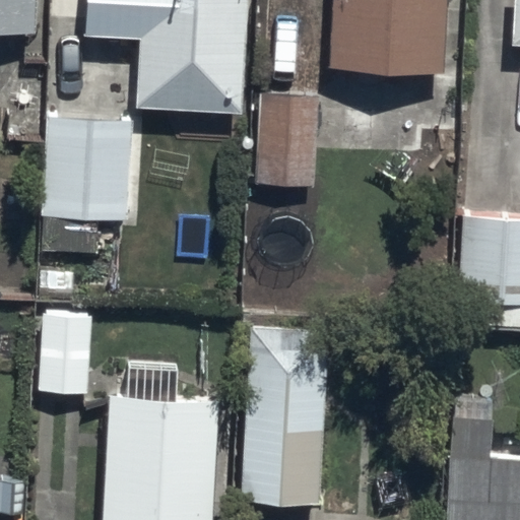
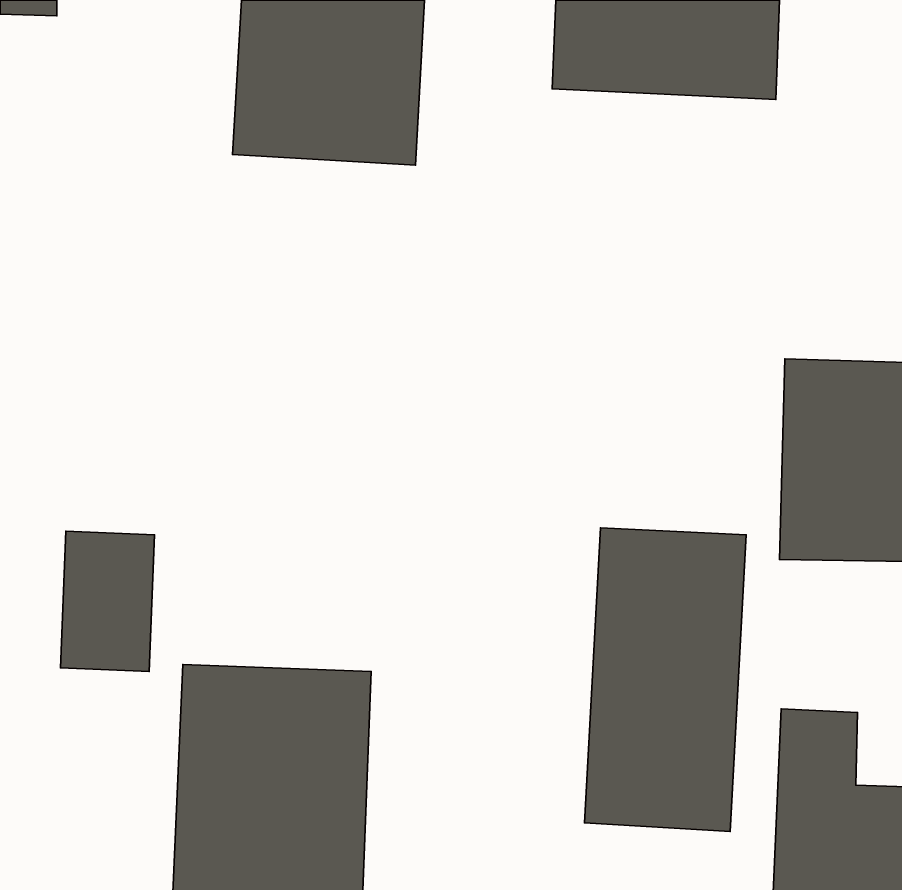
building: [256,62,323,182] -> none
building: [45,118,134,256] -> none
building: [240,334,332,508] -> [585,528,746,832]

